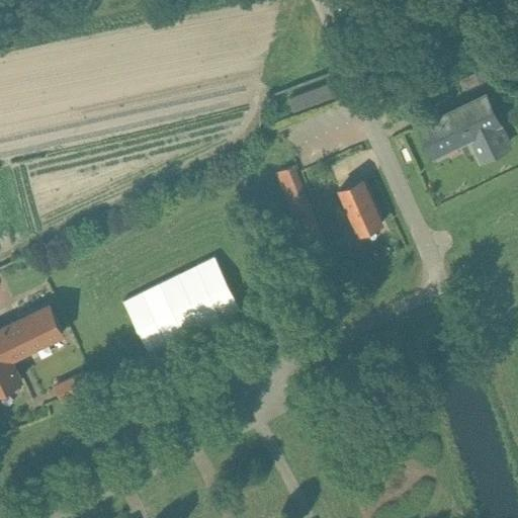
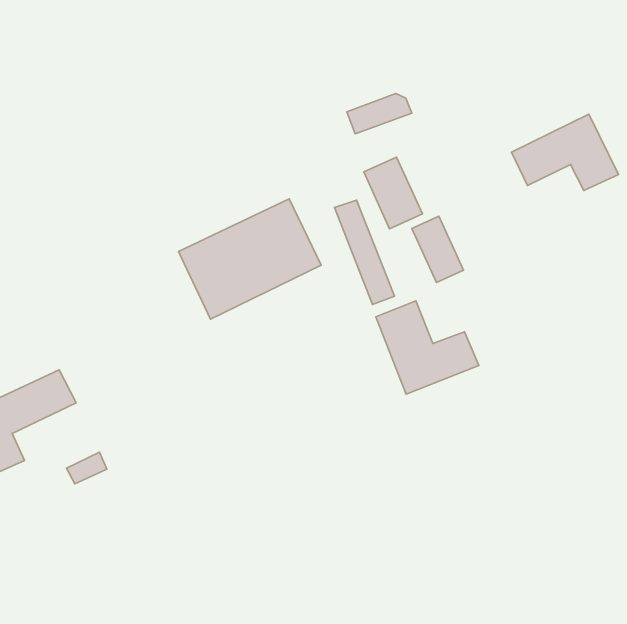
building: none -> [364,157,422,229]
building: none -> [376,301,479,394]
building: [122,259,240,358] -> [179,199,321,319]

